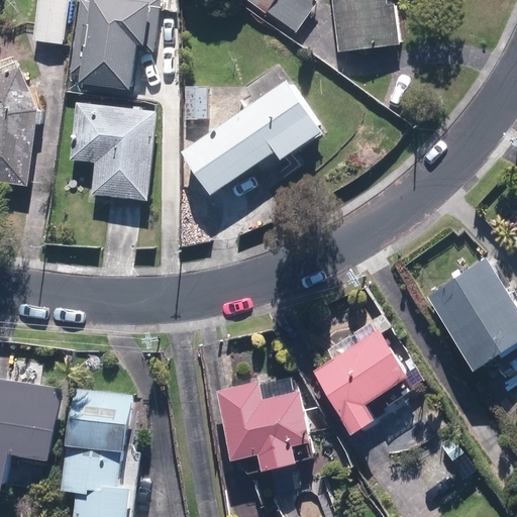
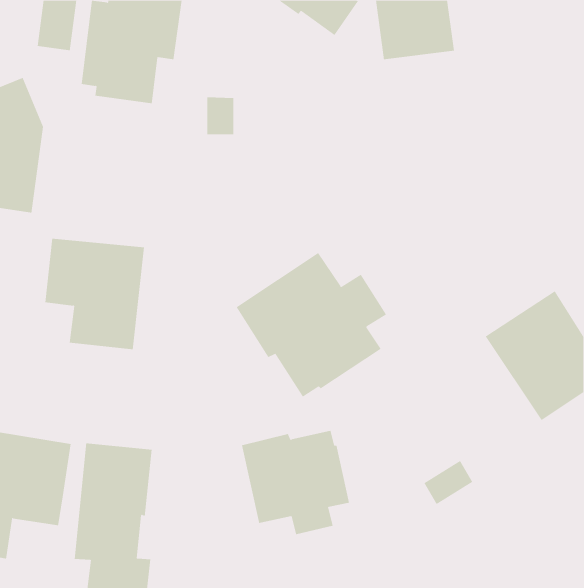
building: [179,77,321,194] -> none
building: [70,105,158,203] -> [45,238,145,350]
building: none -> [236,252,387,398]
building: [307,324,406,431] -> none

